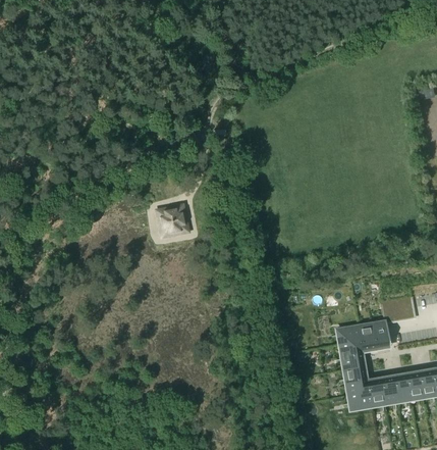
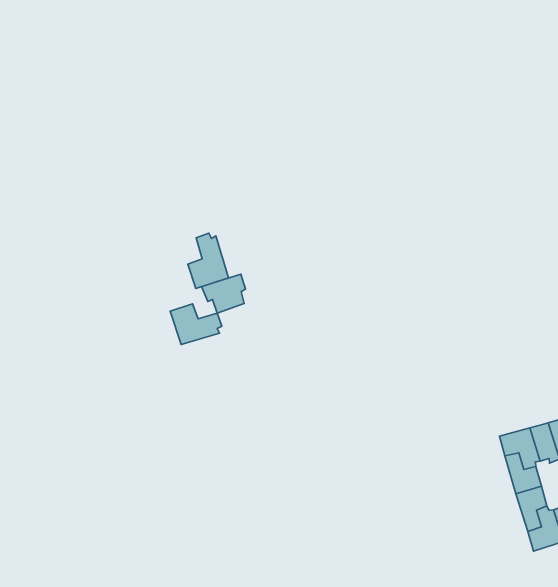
building: none -> [188,233,228,289]
building: none -> [170,304,222,345]

